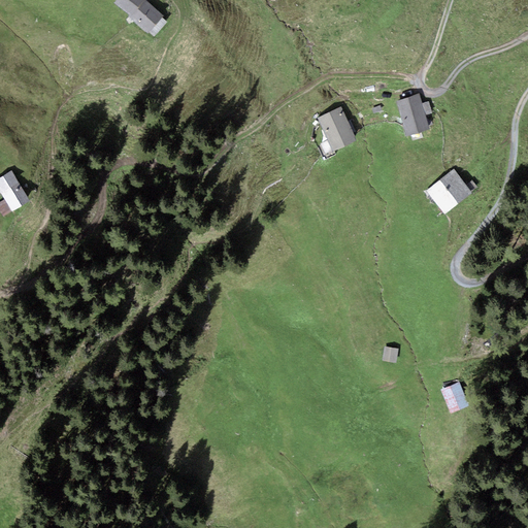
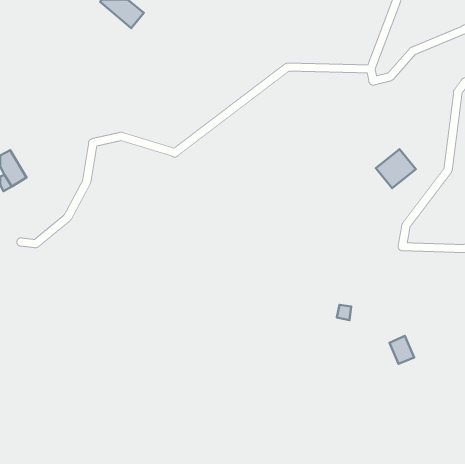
building: [396,93,432,136] -> none
building: [317,106,357,151] -> none

